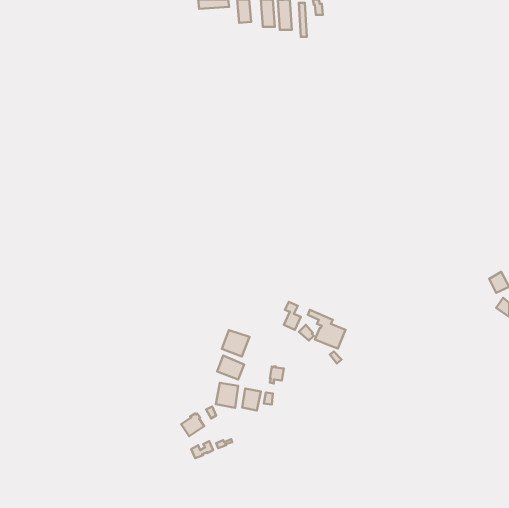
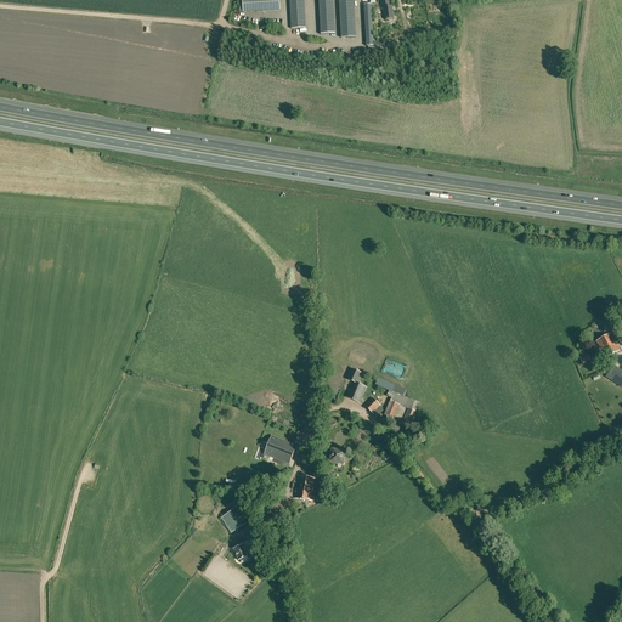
building: [222,330,250,357] -> none
building: [216,383,238,408] -> none

